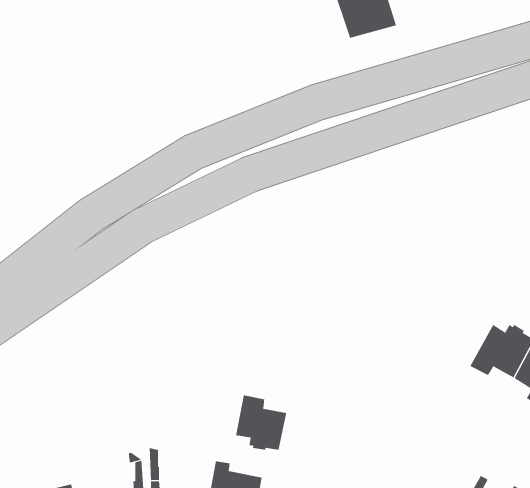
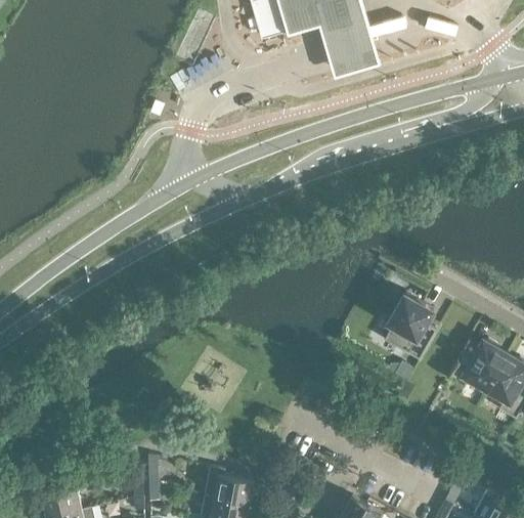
building: none -> [381,301,433,363]
building: [235,394,287,451] -> none

